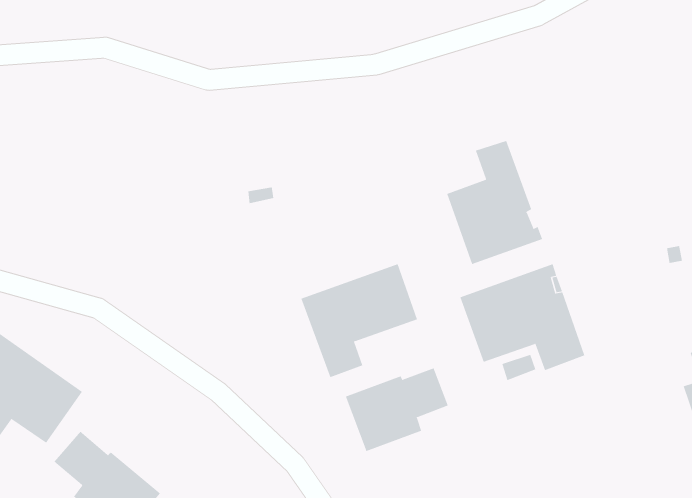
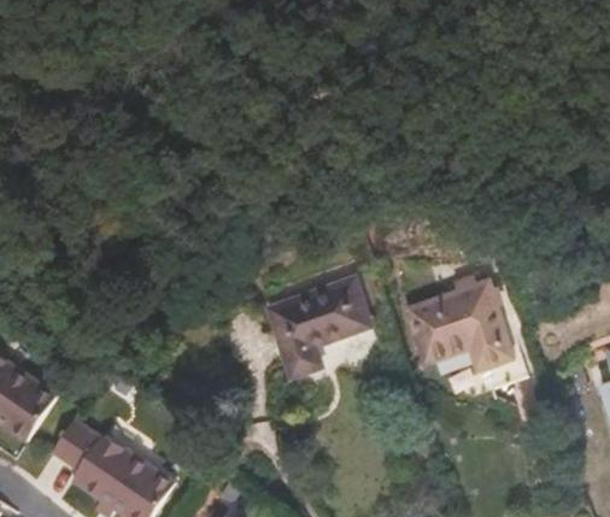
building: [447,140,543,265] -> none
building: [345,367,449,452] -> none

